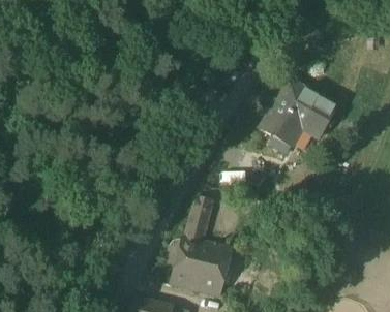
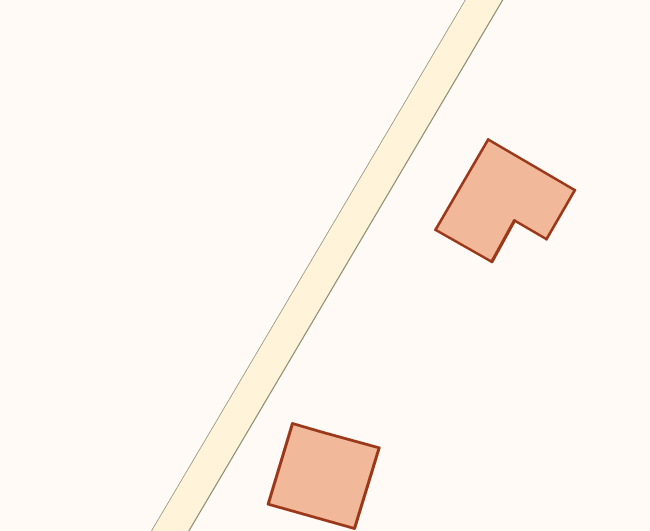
building: [183,199,212,241] -> none

